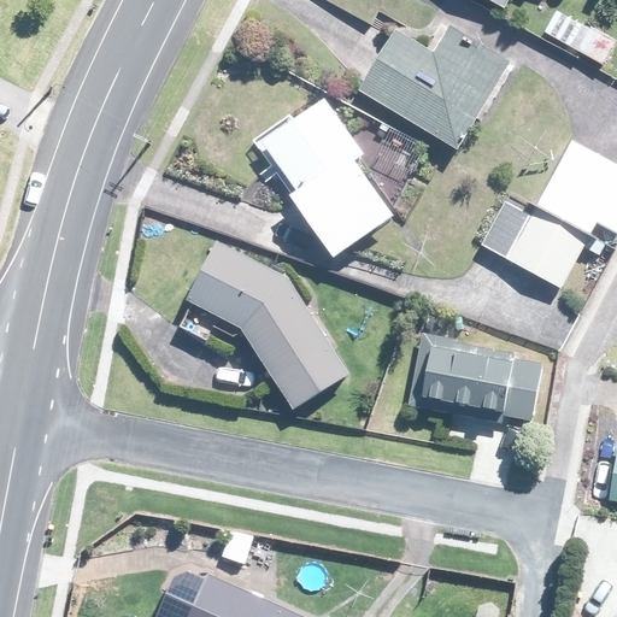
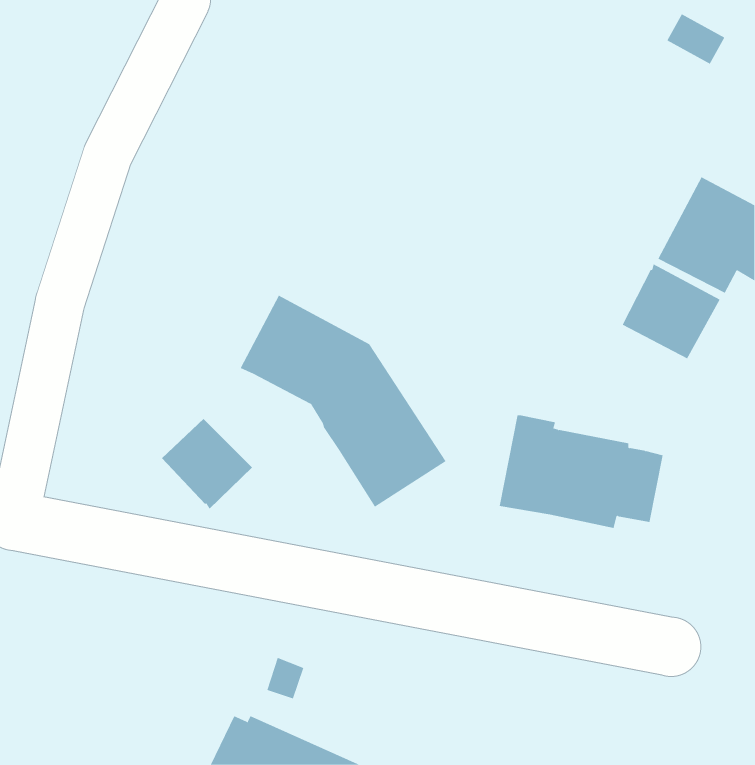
building: [352,27,501,151] -> none
building: [266,96,395,257] -> none
building: none -> [161,418,253,510]

